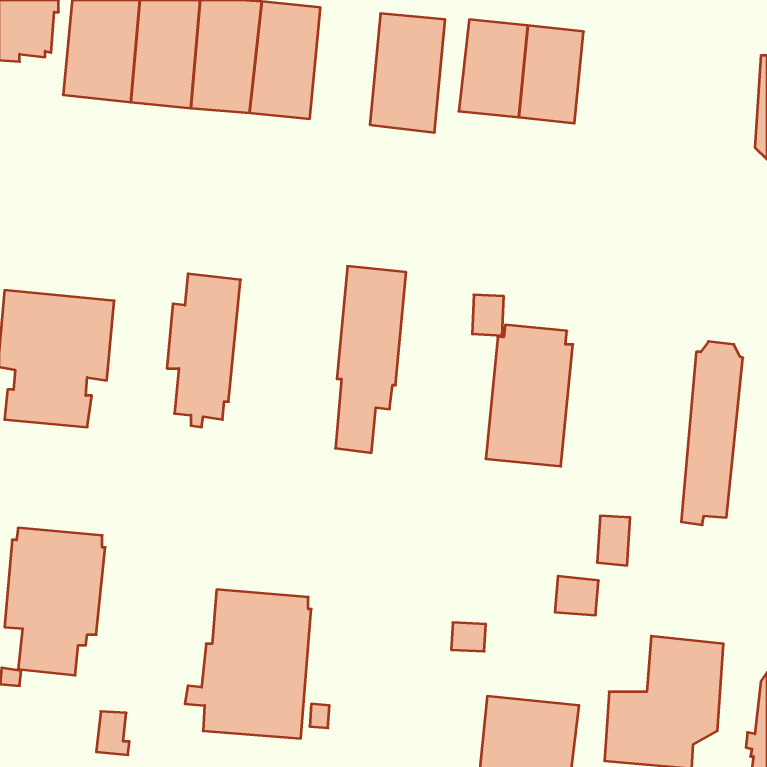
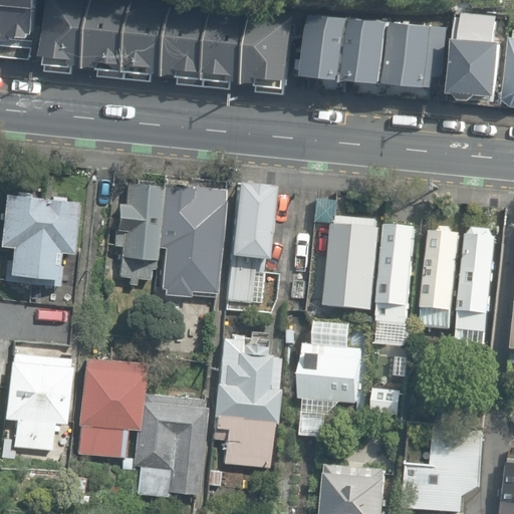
building: none -> [207,6,254,84]
building: none -> [386,23,448,88]
building: none -> [451,39,502,100]
building: none -> [157,185,225,297]
building: none -> [376,227,415,326]
building: none -> [419,228,461,332]
building: none -> [211,336,278,468]
building: none -> [299,345,361,406]
building: none -> [72,355,140,458]

